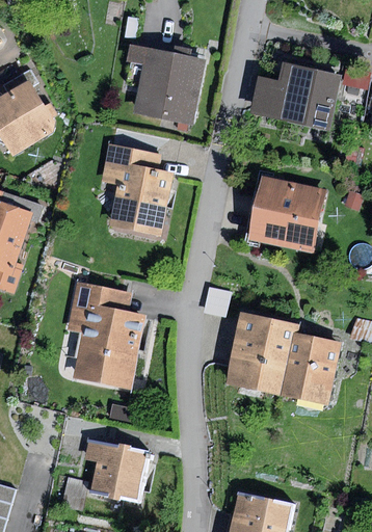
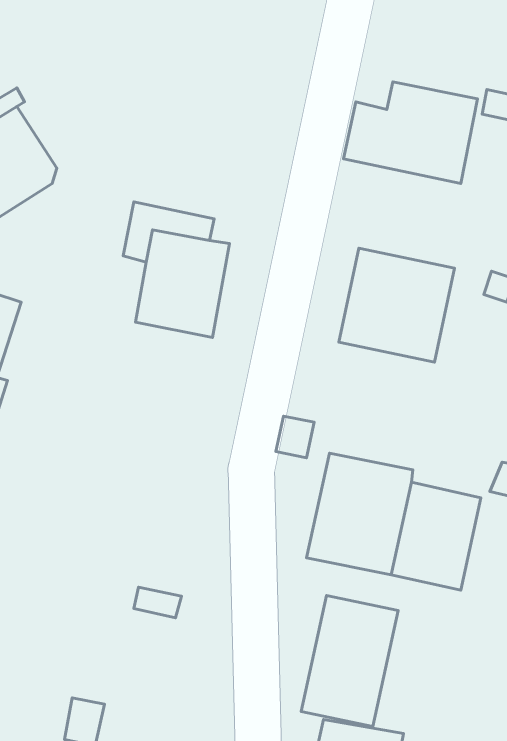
building: [127,45,205,124] -> none
building: [69,282,147,388] -> none
building: none -> [301,595,398,727]
building: [84,440,147,499] -> none

